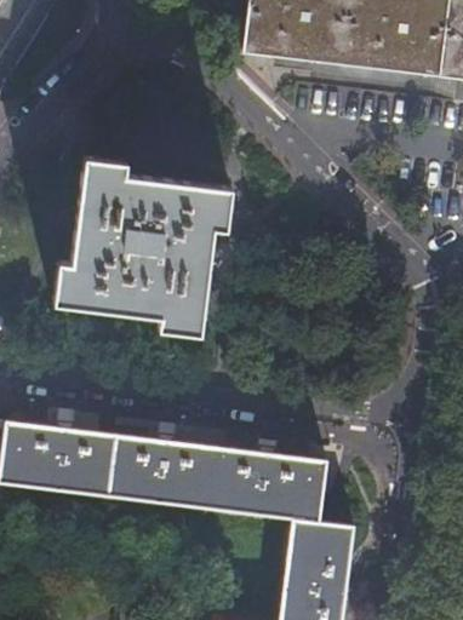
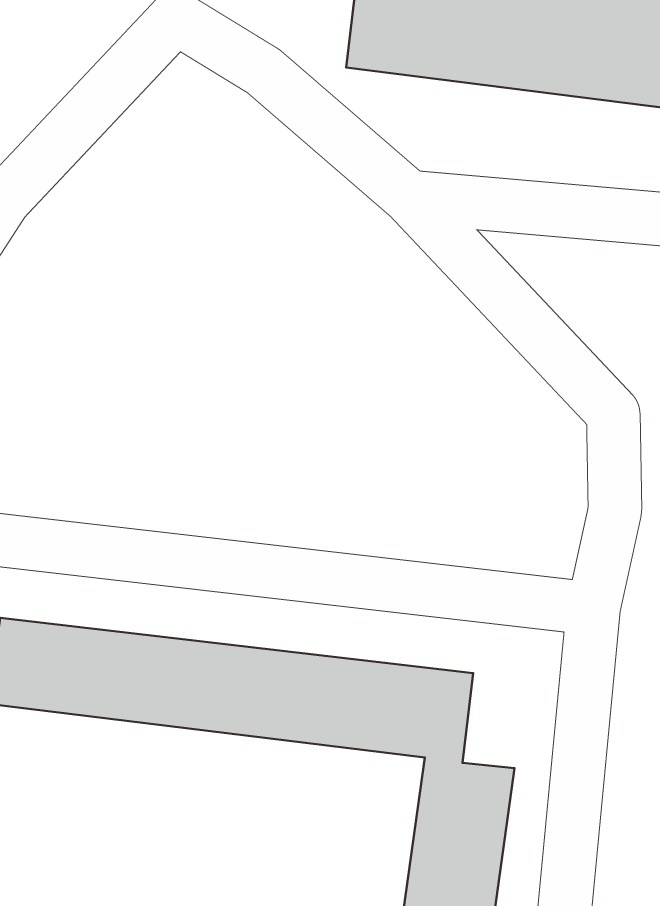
building: [44,154,218,329] -> none

